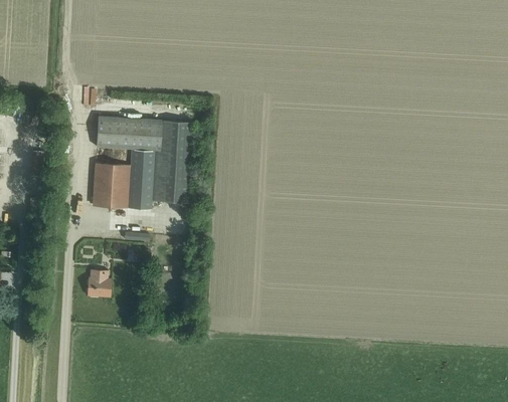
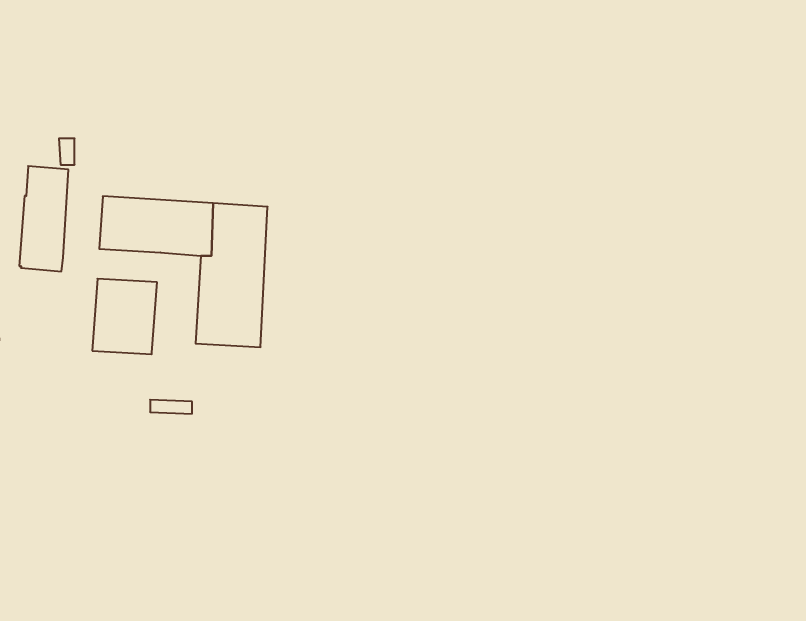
building: [126,148,154,208] -> [19,166,68,271]
building: [87,268,111,296] -> none

